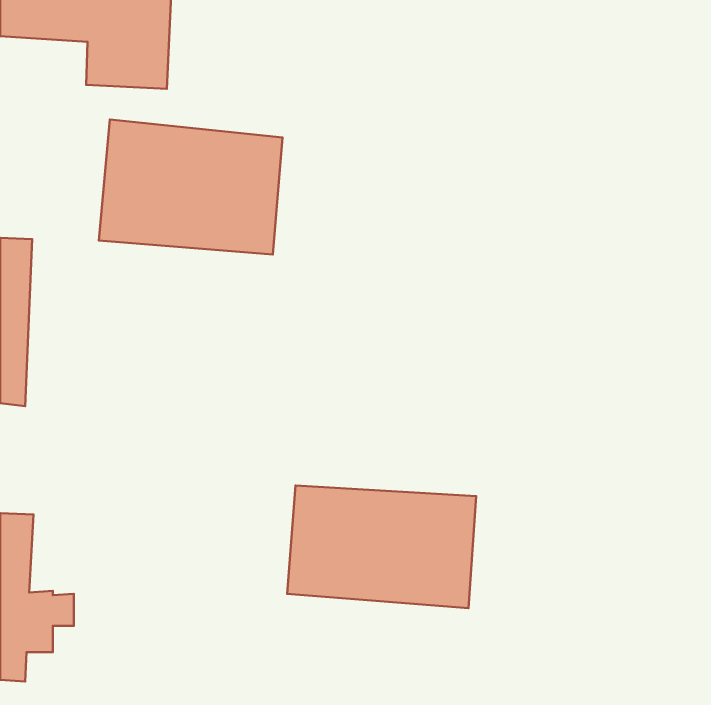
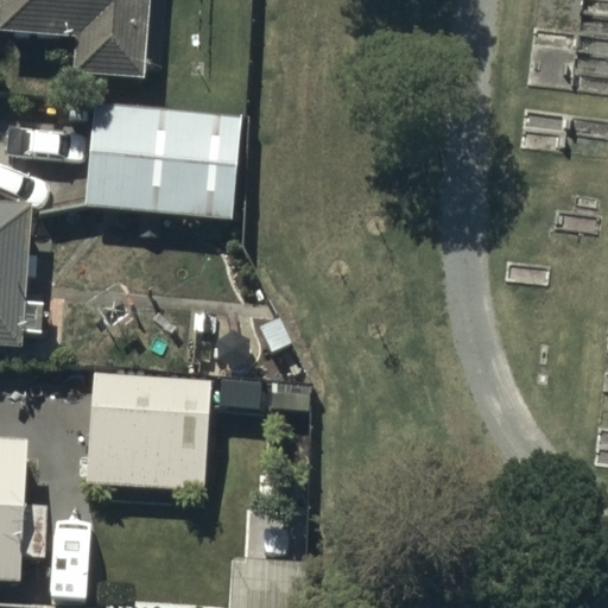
building: none -> [86,373,209,489]
building: [287,486,476,608] -> none

